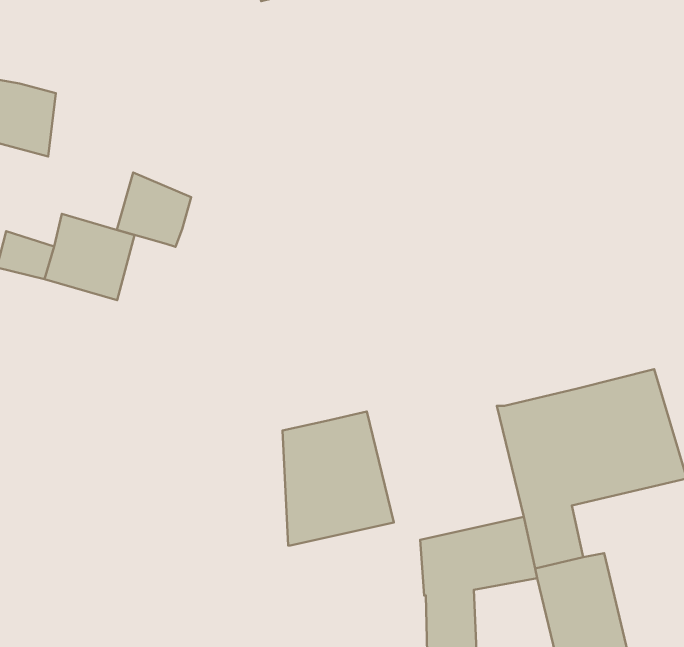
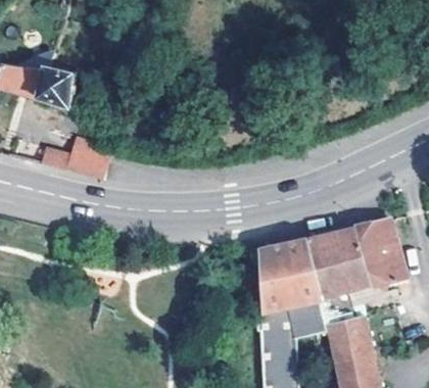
building: [117,173,191,247] -> none
building: [282,411,394,546] -> [260,238,320,309]

